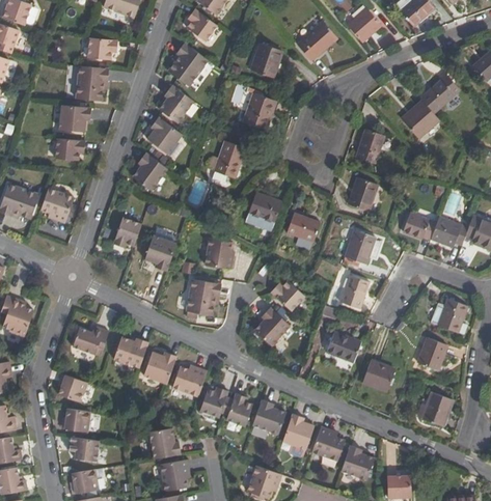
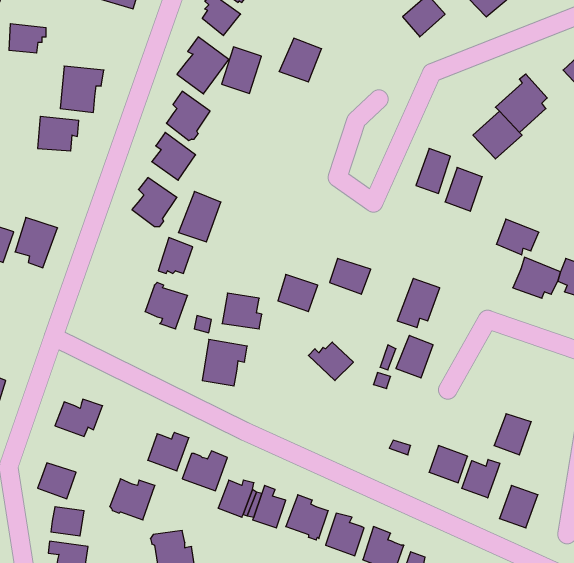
building: [296,23,335,61] -> none
building: [88,36,117,59] -> [9,24,46,53]
building: [241,92,272,129] -> [222,47,261,93]
building: [55,137,84,160] -> none
building: [213,140,246,179] -> [178,191,221,242]
building: [347,176,376,211] -> [445,167,482,211]
building: [249,195,280,224] -> [278,274,318,312]
building: [403,213,436,241] -> [496,219,539,255]
building: [113,217,140,245] -> [158,238,193,273]
building: [437,296,464,330] -> none
building: [251,305,288,343] -> none
building: [325,331,358,359] -> none
building: [113,336,148,368] -> [110,479,155,520]
building: none -> [462,459,500,498]

